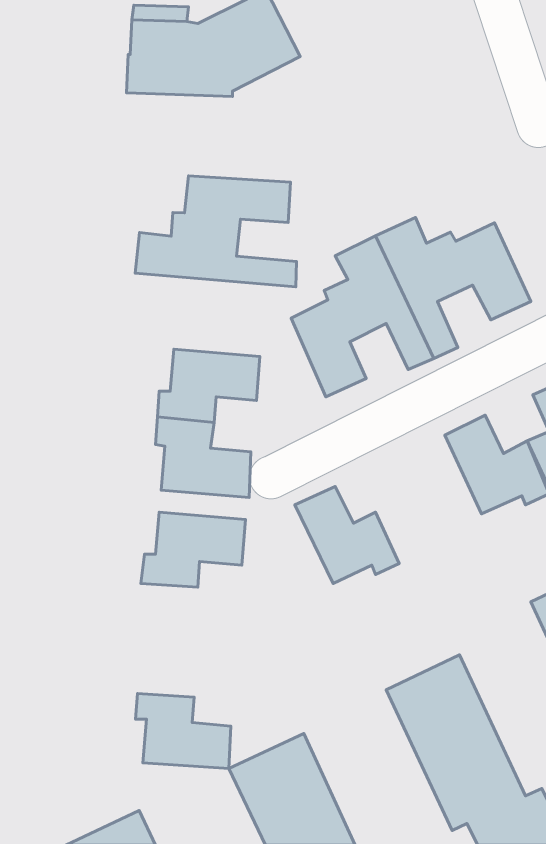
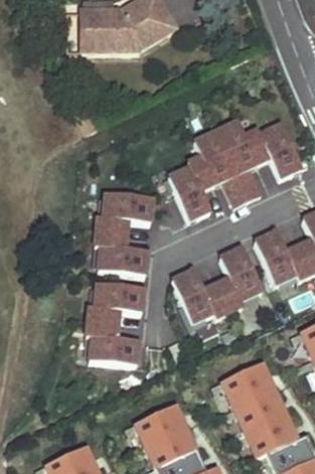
building: [135,176,297,287] -> none
building: none -> [215,247,262,311]
building: [136,693,231,768] -> [86,322,138,363]

